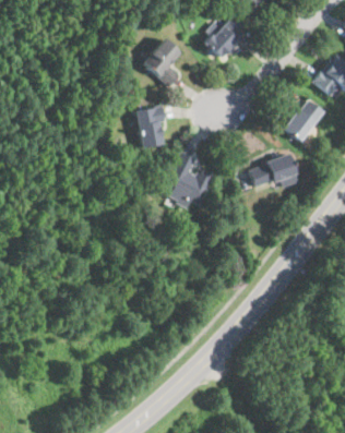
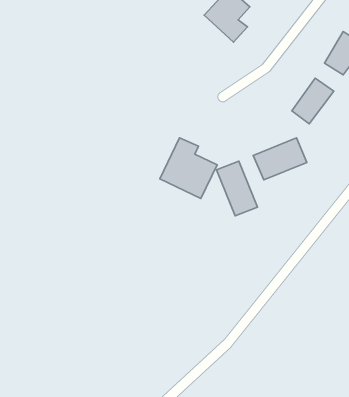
building: [144,41,180,89] -> none
building: [136,107,167,149] -> none
building: none -> [216,161,257,216]

